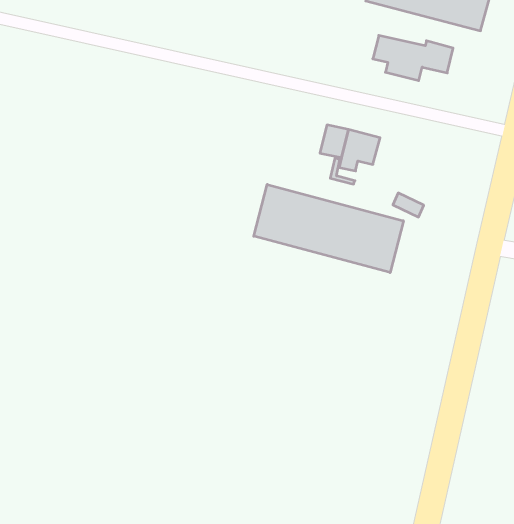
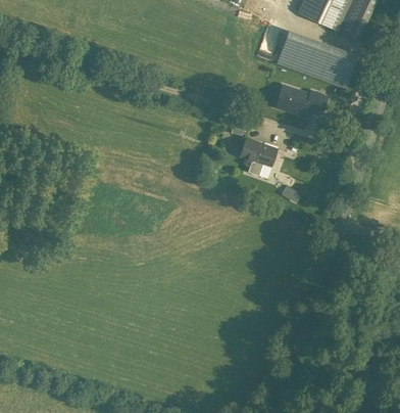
building: [254,184,403,273] -> none

